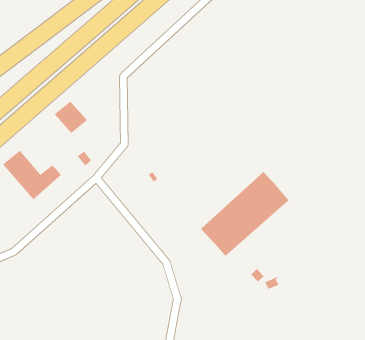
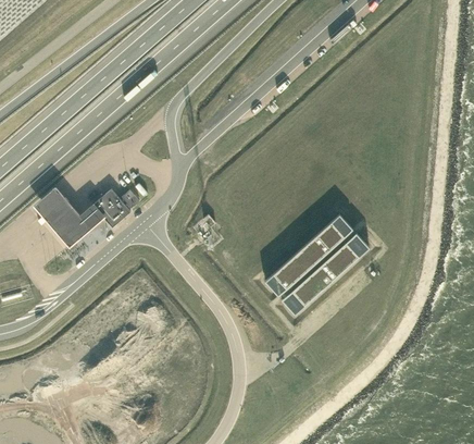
building: [54,100,88,134] -> [92,188,132,227]

